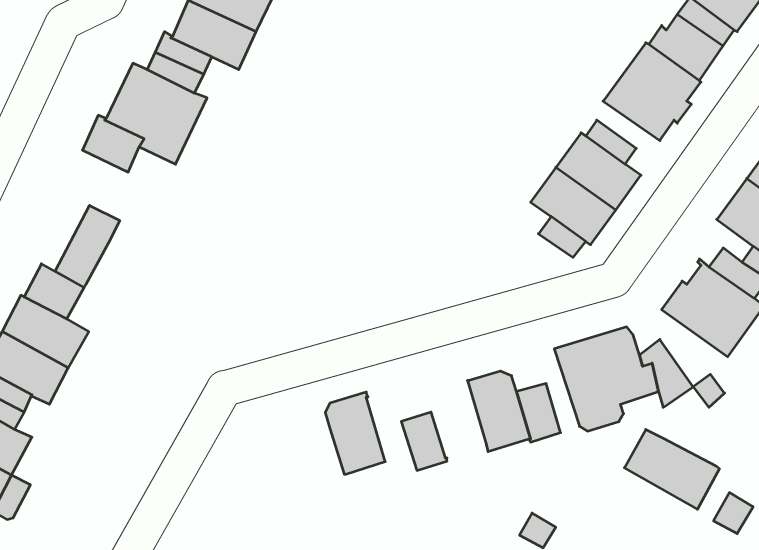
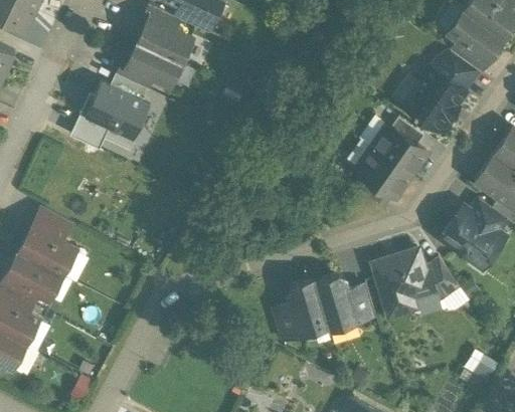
building: [55,205,120,287] -> none
building: [325,392,385,474] -> [290,281,328,334]
building: [624,429,719,509] -> none

